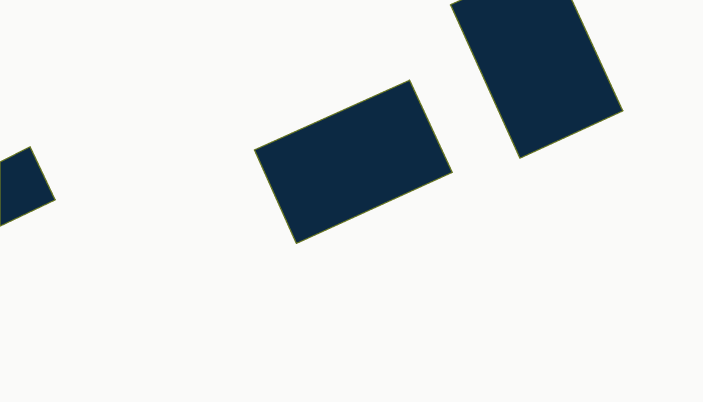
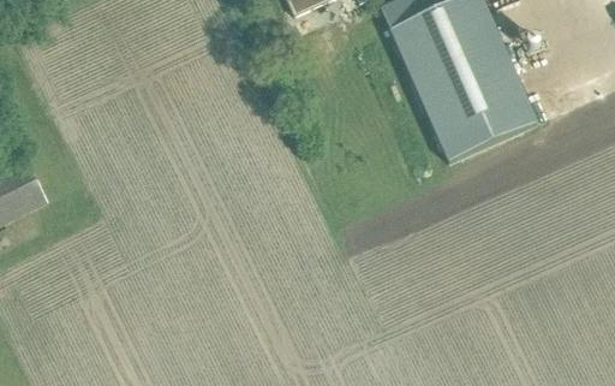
building: [255,80,452,243] -> none

